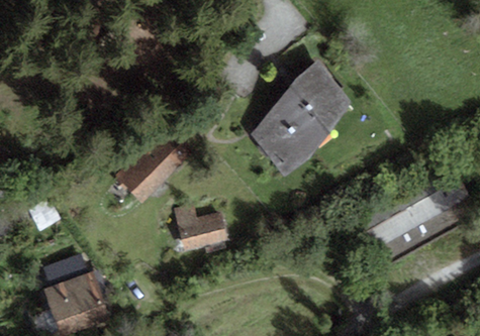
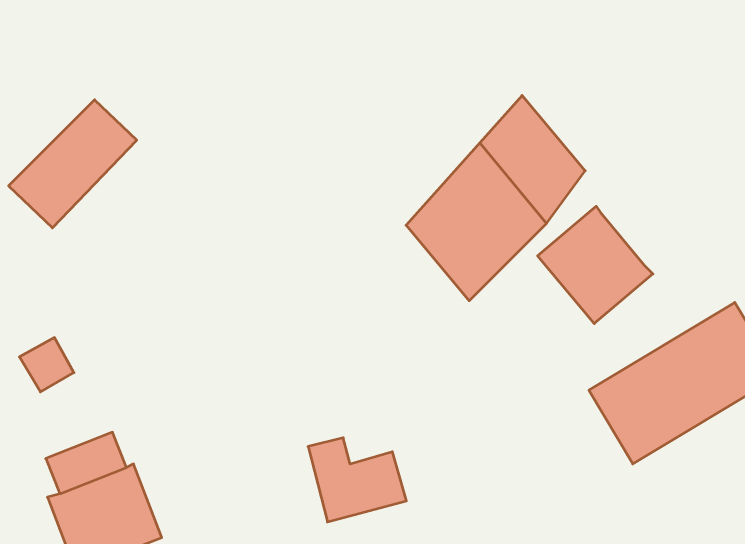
building: none -> [538,206,653,324]
building: [113,127,187,201] -> [9,100,137,228]
building: [173,204,229,252] -> [308,438,406,522]

